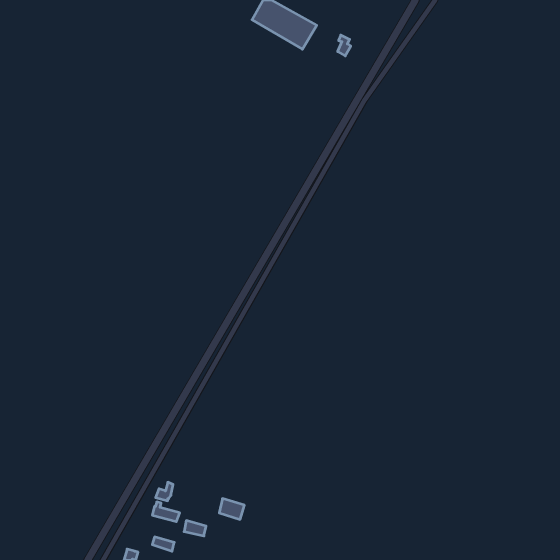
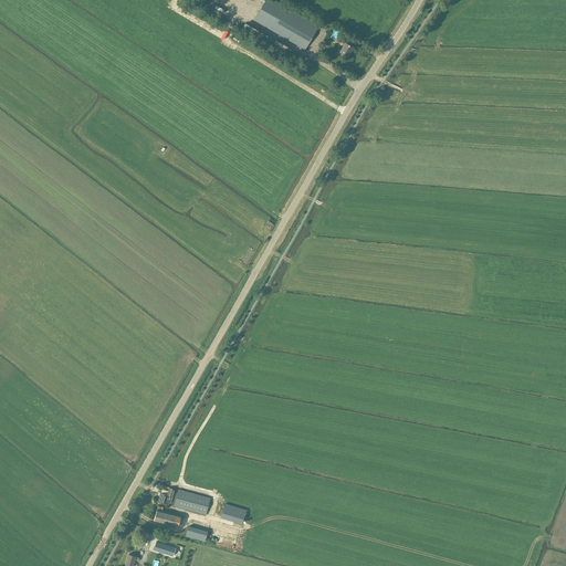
building: none -> [174,489,210,515]

